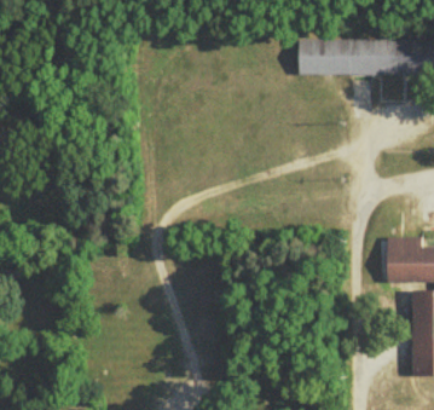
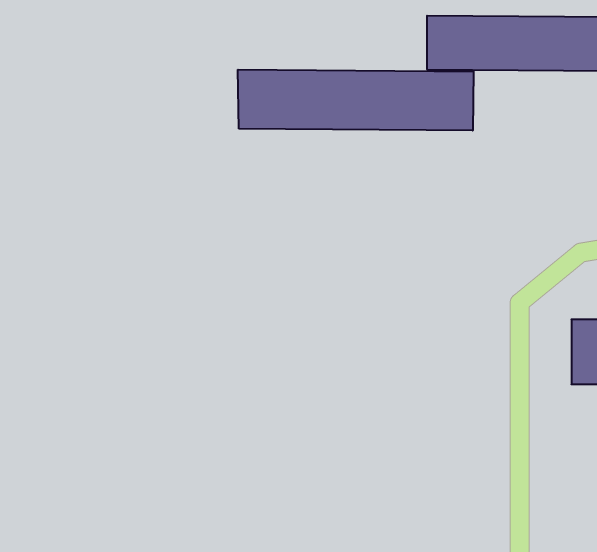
building: none -> [238,70,474,131]

